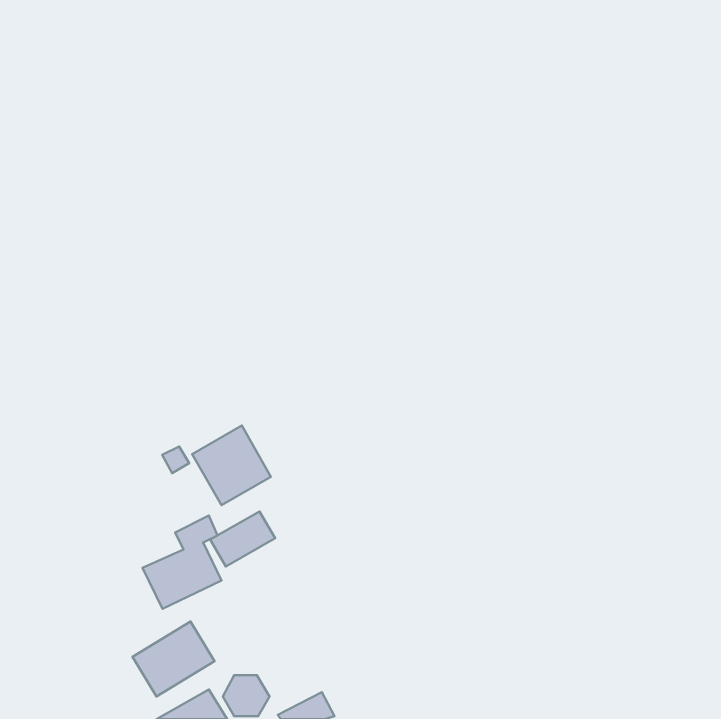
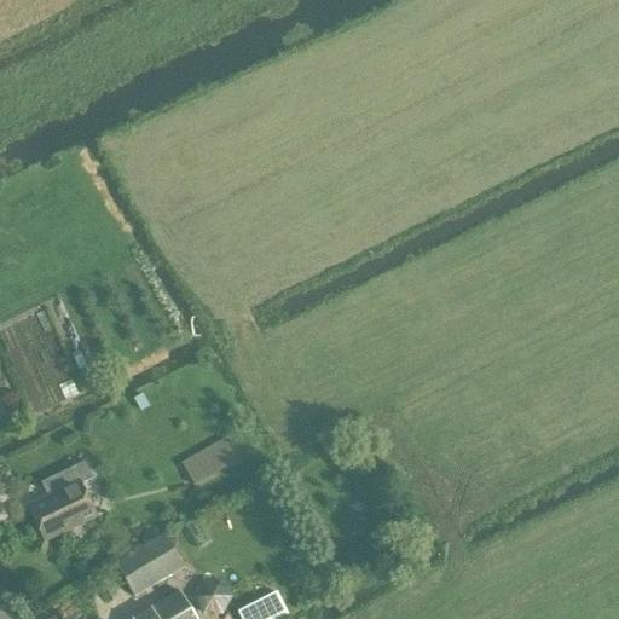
building: [192,426,271,505] -> none
building: [143,516,222,609] -> [28,461,96,540]

